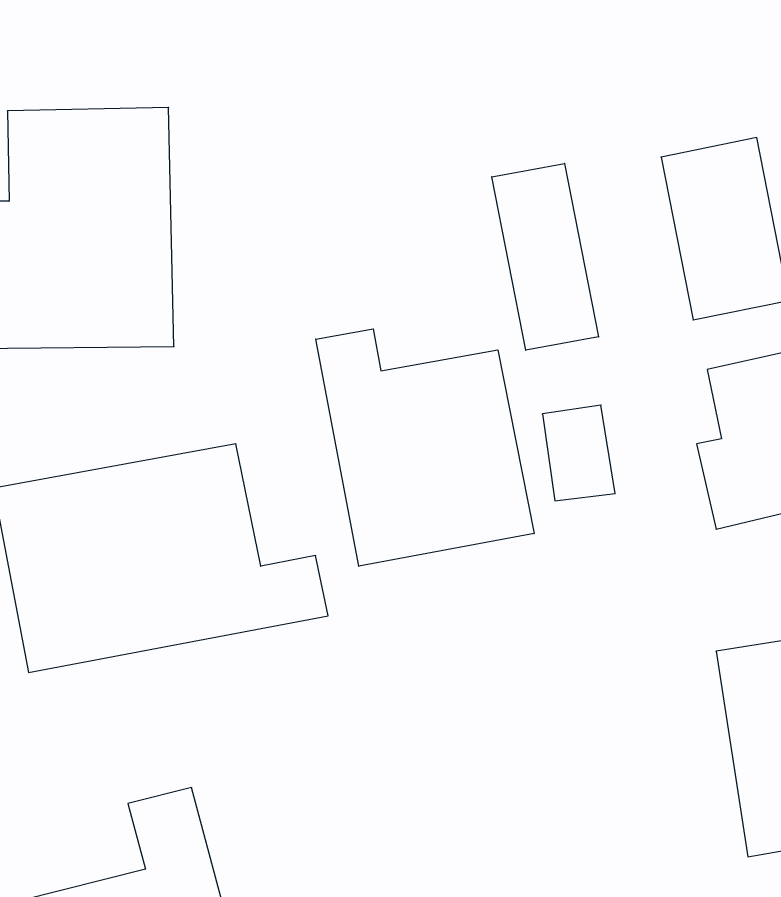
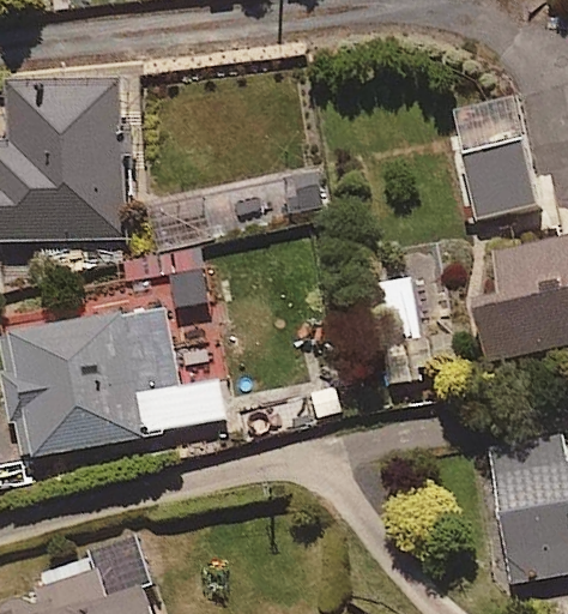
building: [492,163,599,350] -> none
building: [316,329,534,566] -> none

